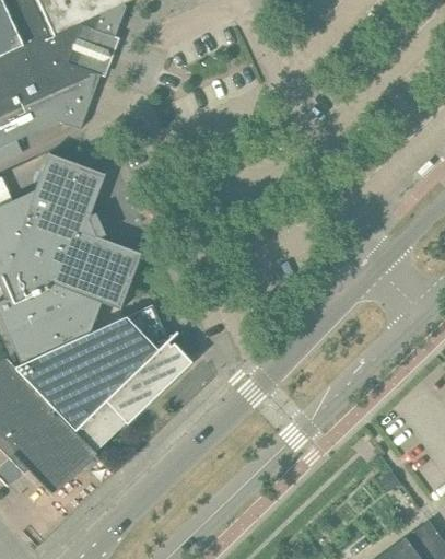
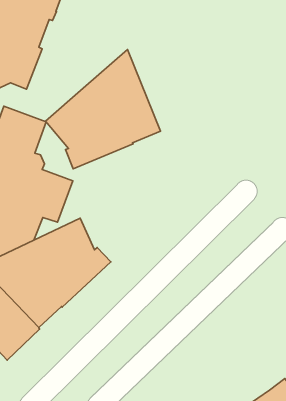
building: none -> [45,49,160,169]

